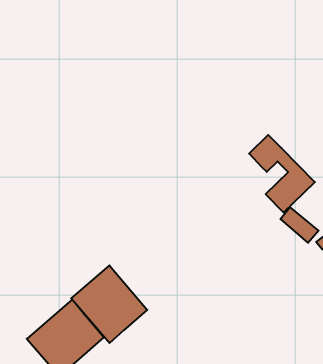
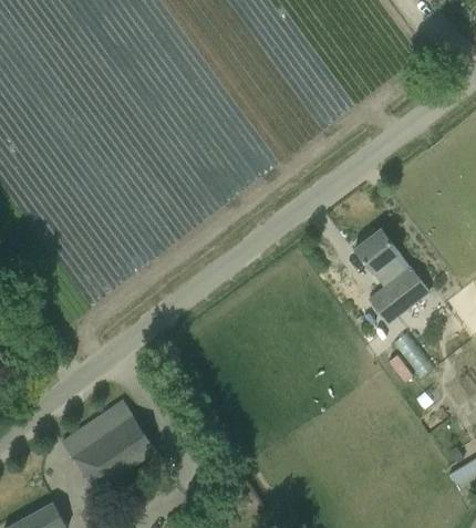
building: [71,265,147,343] -> none

